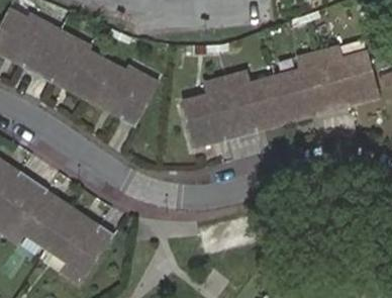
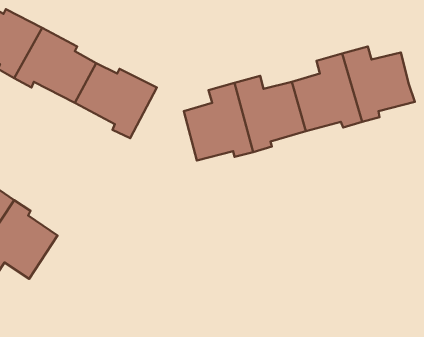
building: [47,207,114,282] -> none

